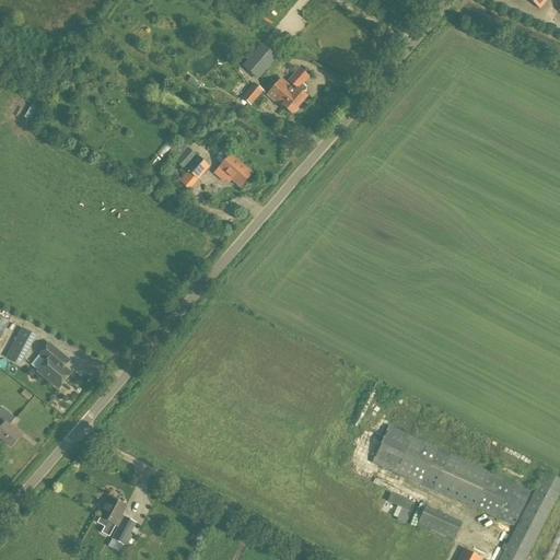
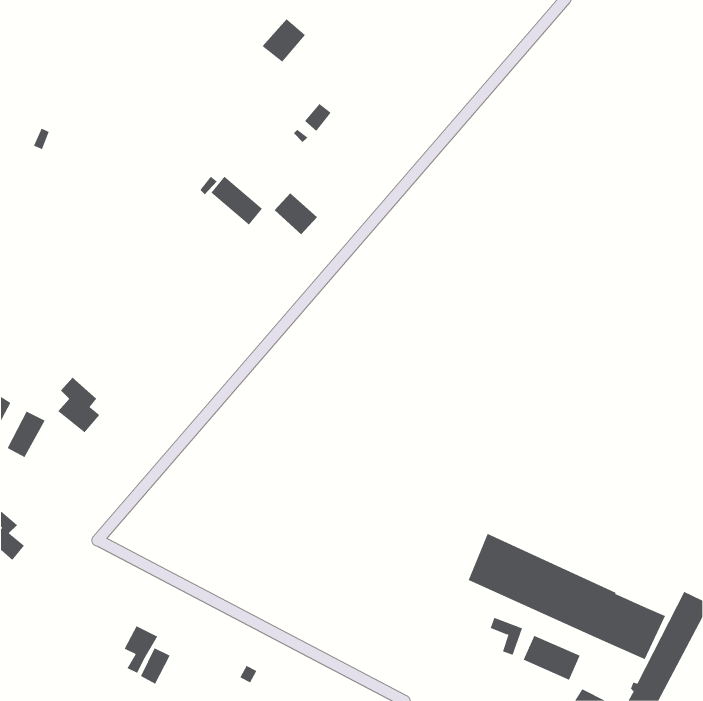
building: [242,43,277,78] -> [262,19,306,63]
building: [266,67,308,114] -> none
building: [36,342,70,387] -> [57,377,100,433]

